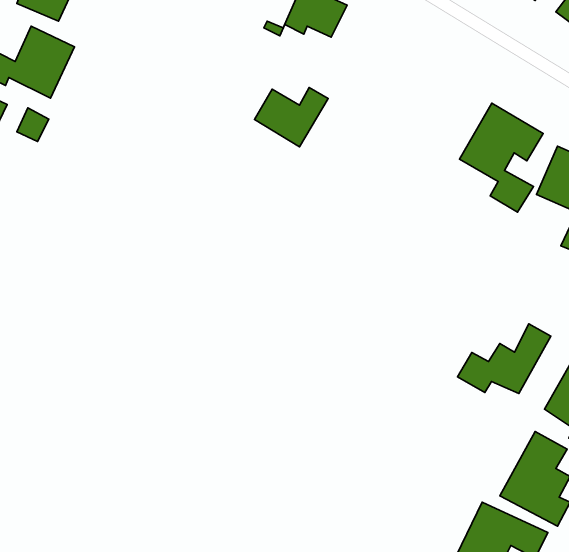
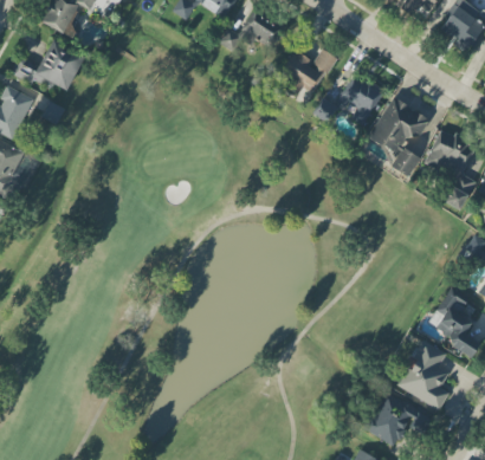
building: none -> [336,74,384,125]
building: [255,87,328,147] -> [282,50,336,93]
building: [458,324,551,393] -> none

